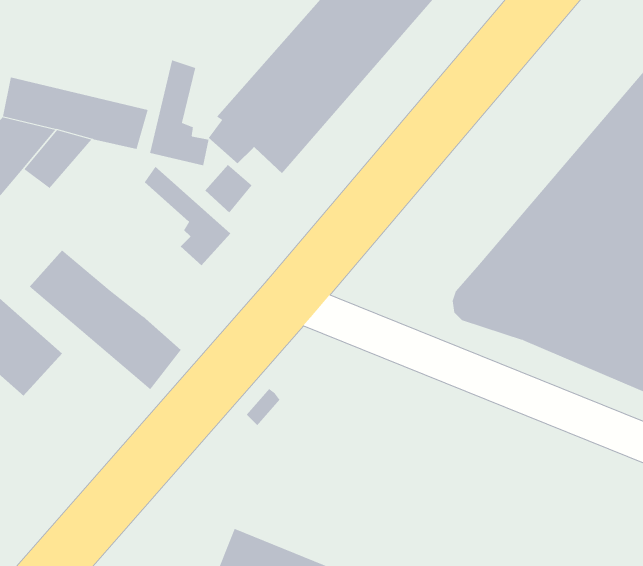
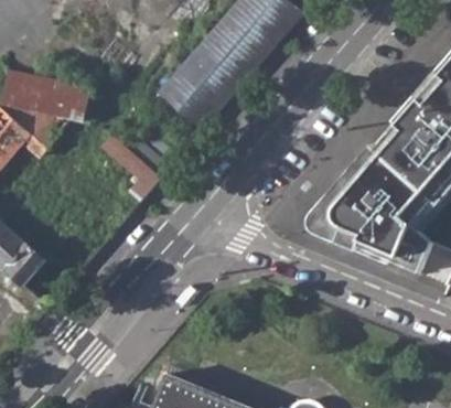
building: [150,60,209,166] -> none
building: [29,249,182,390] -> none

